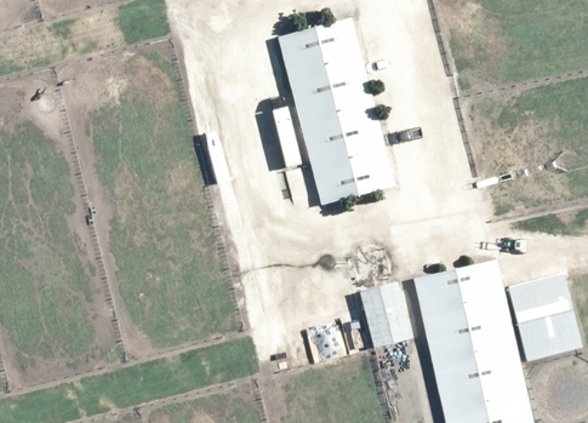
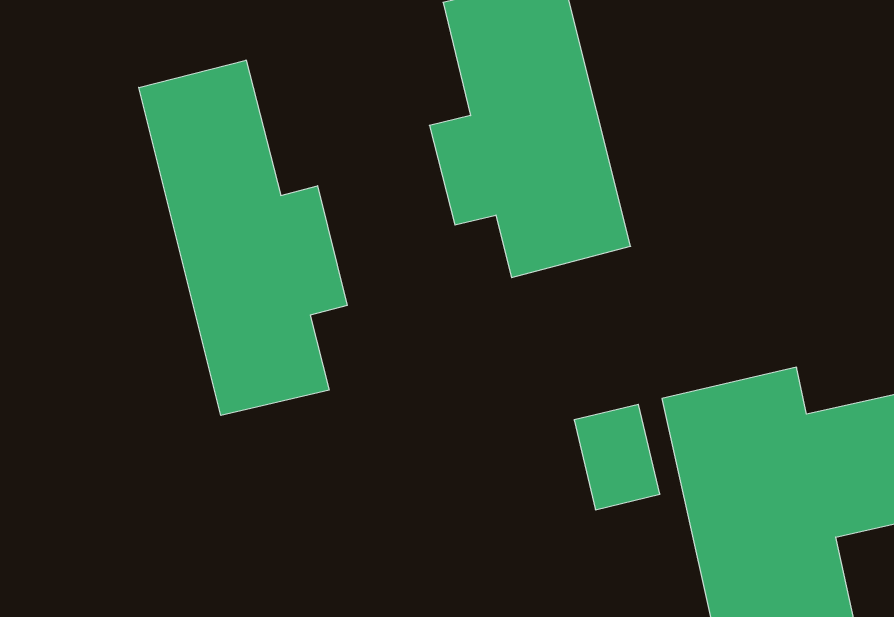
building: none -> [139,60,347,415]

